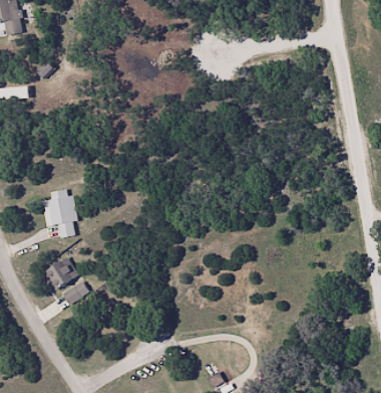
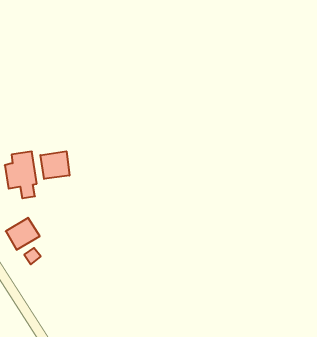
building: none -> [40,151,69,179]

